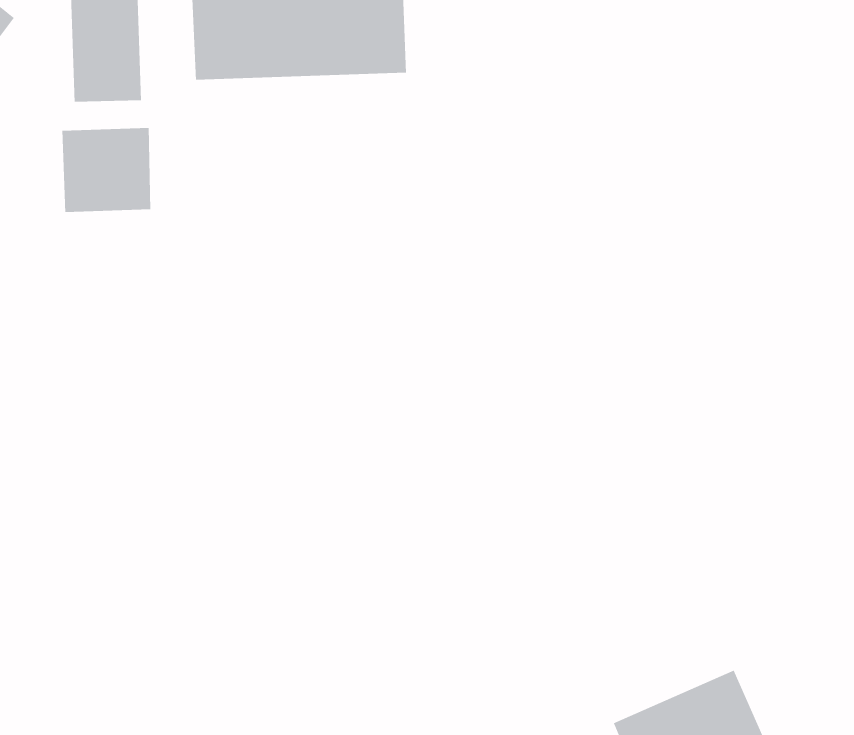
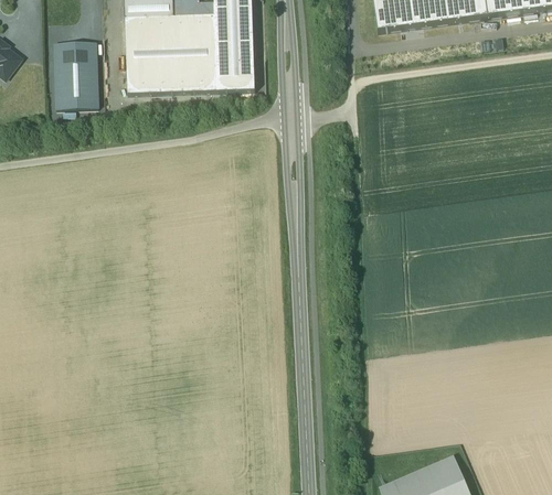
building: [61,127,151,213] -> none

